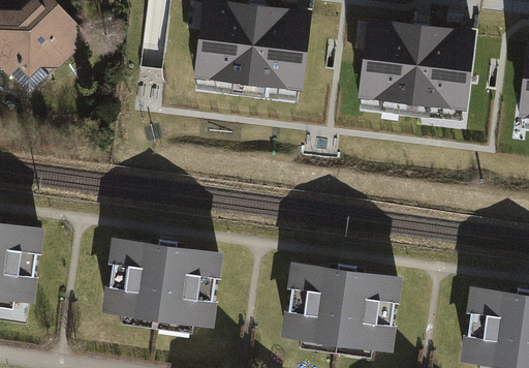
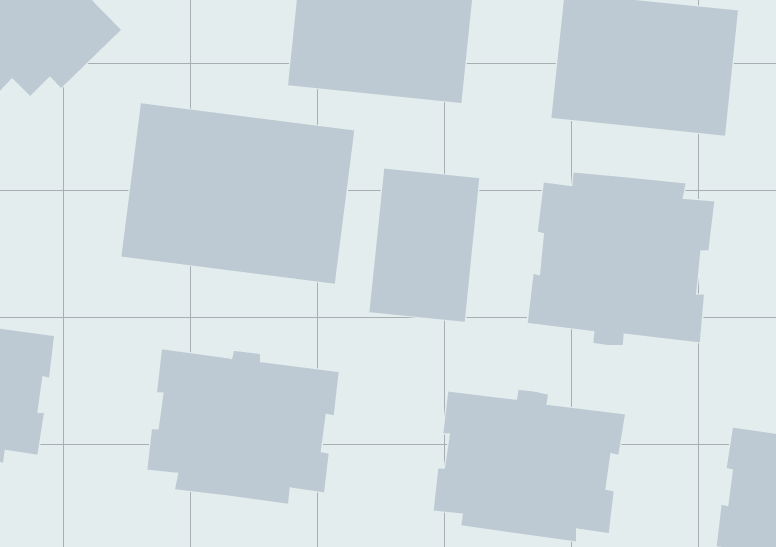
building: none -> [121,103,355,285]
building: none -> [369,168,480,323]
building: none -> [527,172,715,346]

